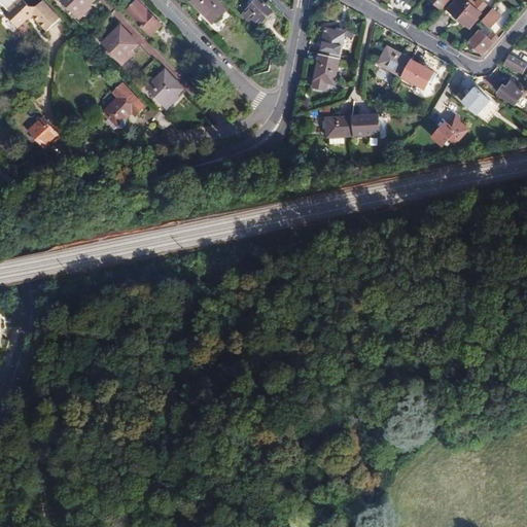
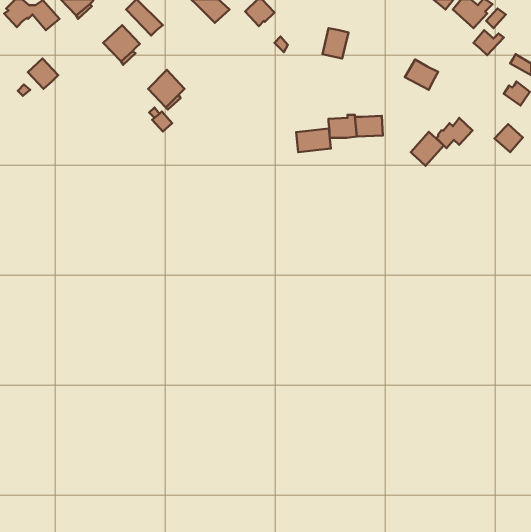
building: [377,45,410,76] -> none
building: [313,54,338,83] -> none
building: [104,83,144,129] -> none
building: [460,86,488,114] -> [495,124,523,152]
building: [28,116,58,146] -> [28,59,58,89]
building: none -> [296,129,331,152]
building: none -> [411,132,444,166]

